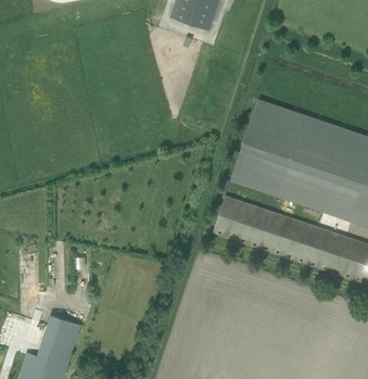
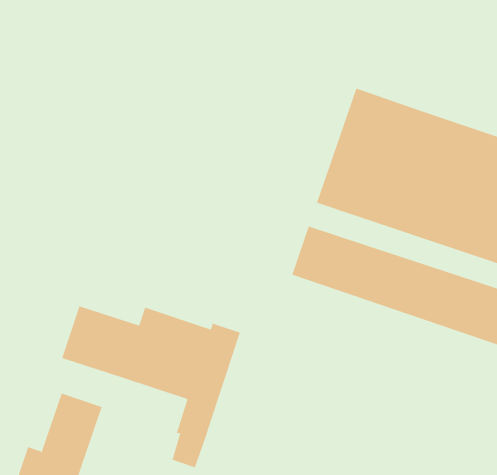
building: none -> [61,305,241,468]

